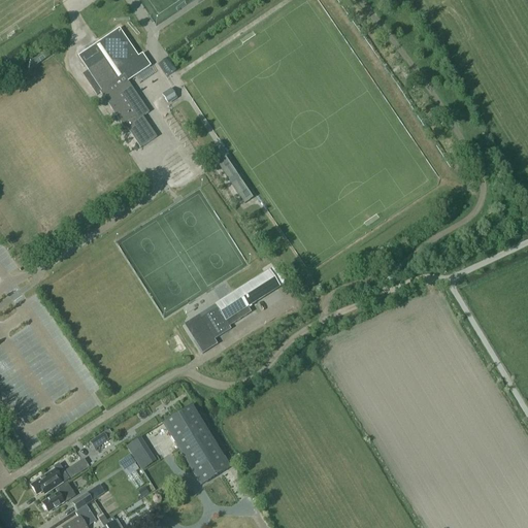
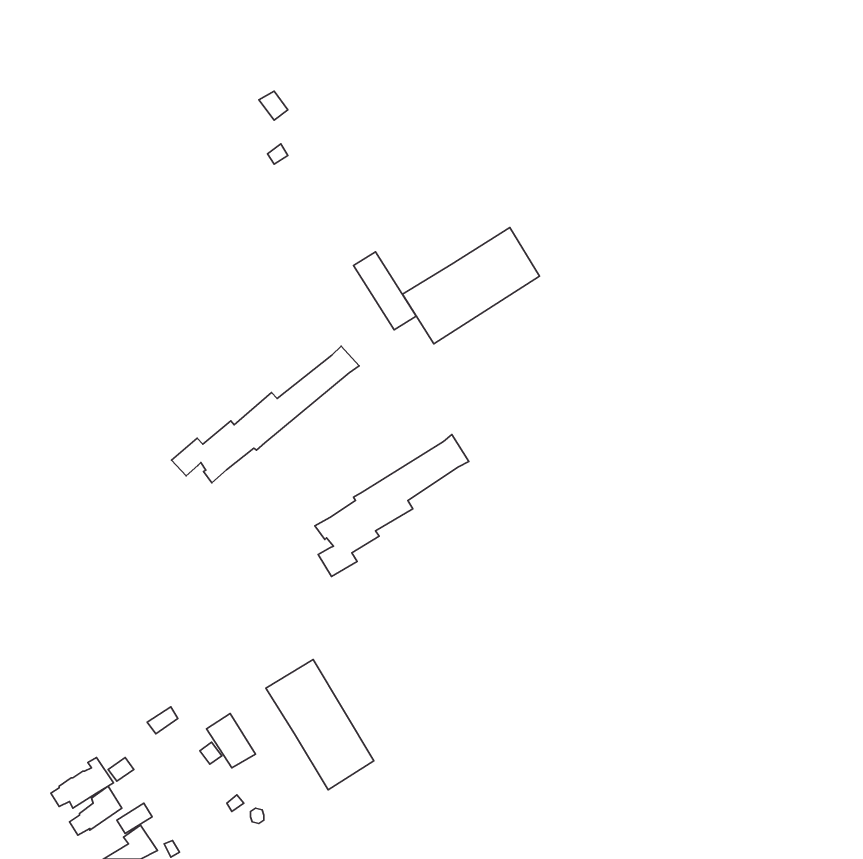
building: [78,26,158,145] -> none
building: none -> [402,228,539,344]
building: none -> [171,346,359,483]

